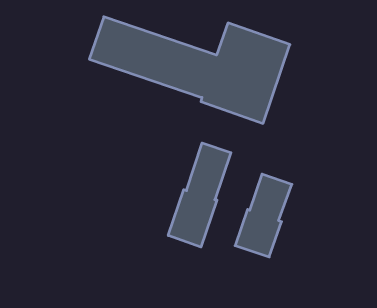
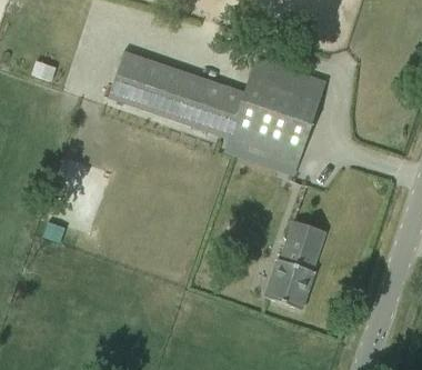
building: [168,143,231,247] -> none

